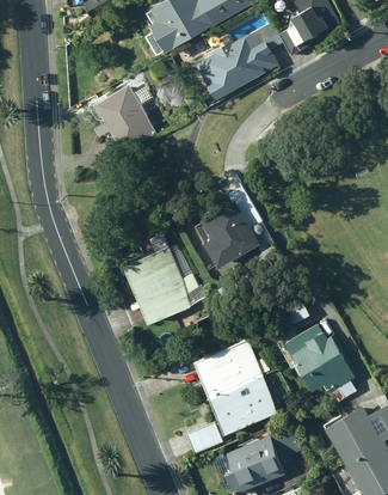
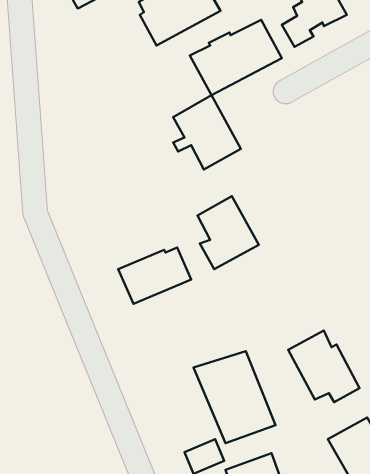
building: [92,84,155,153] -> [173,95,241,169]
building: [141,277,197,325] -> none

